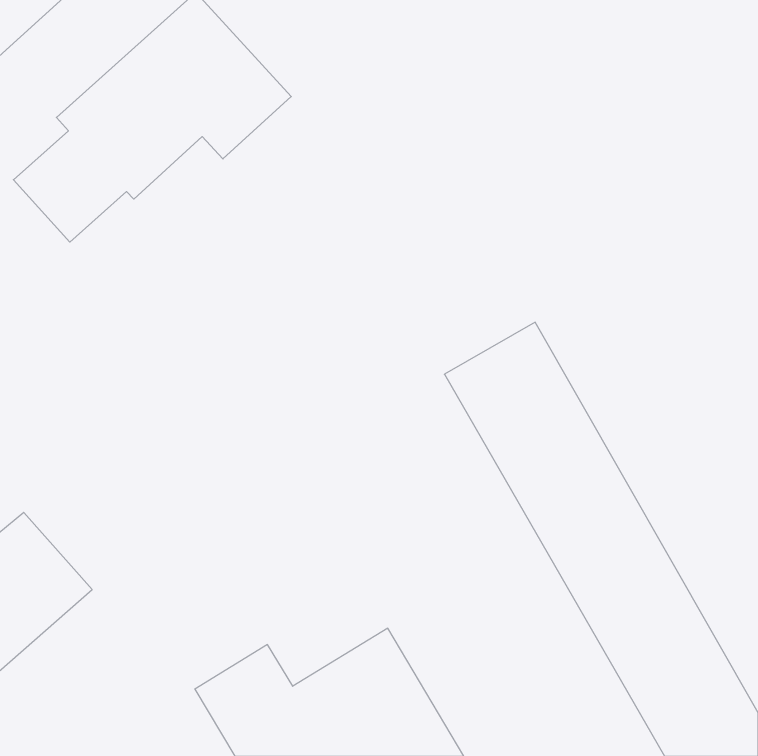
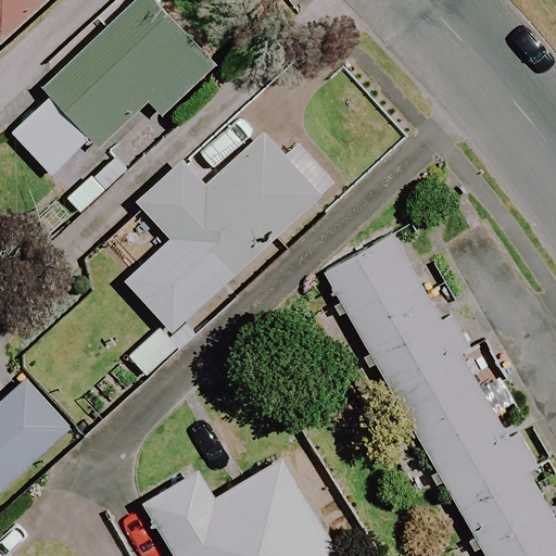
building: none -> [125,125,327,378]

